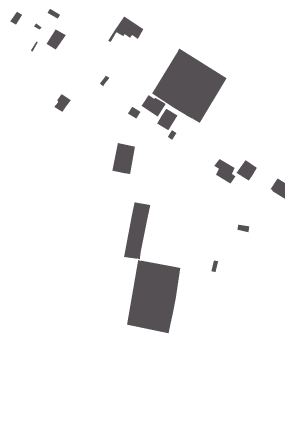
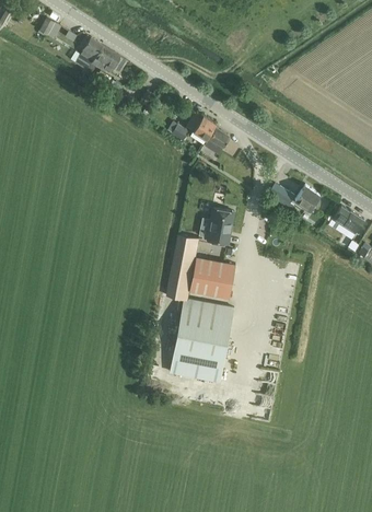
building: [107,16,144,43] -> [85,45,127,75]
building: [151,48,228,124] -> none
building: [111,143,136,175] -> [205,206,232,242]
building: none -> [188,256,236,298]

